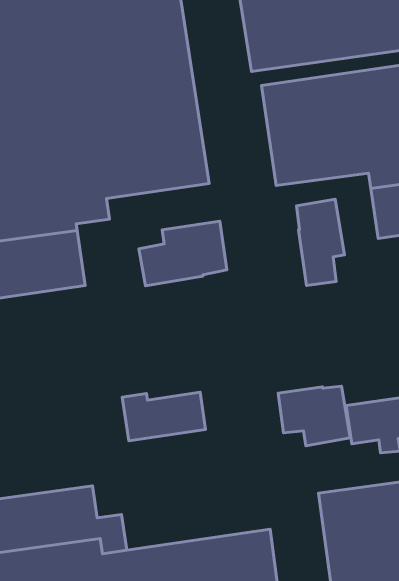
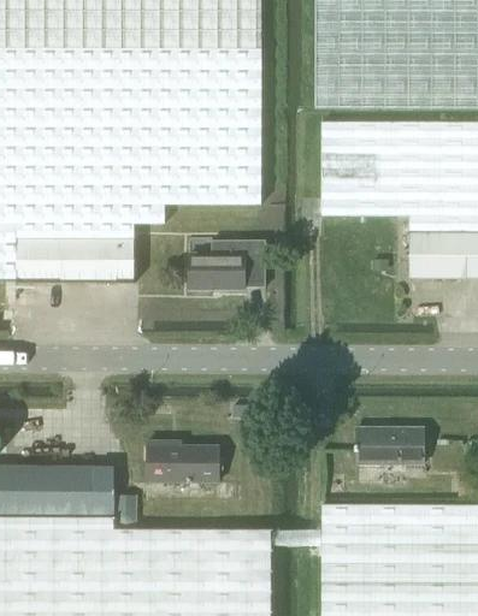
building: [296,199,344,286] -> none
building: [278,386,350,446] -> none
building: [122,392,206,441] -> [146,440,218,481]

